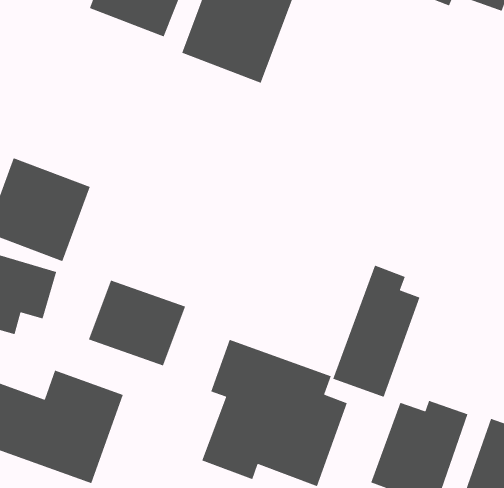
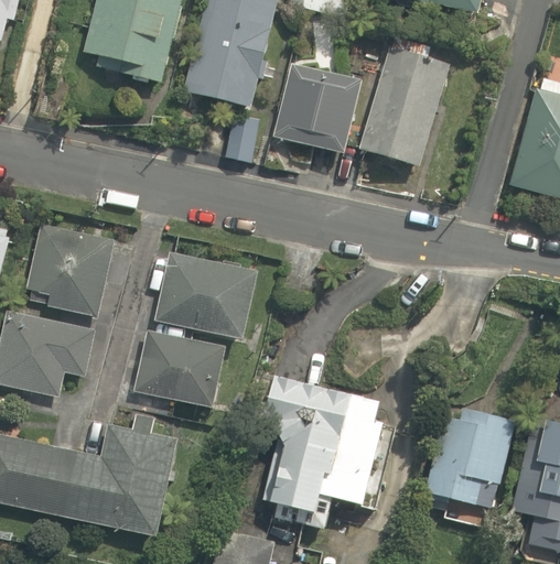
building: none -> [368,55,469,174]
building: none -> [283,76,375,158]
building: none -> [154,249,249,338]
building: [332,265,420,398] -> none

